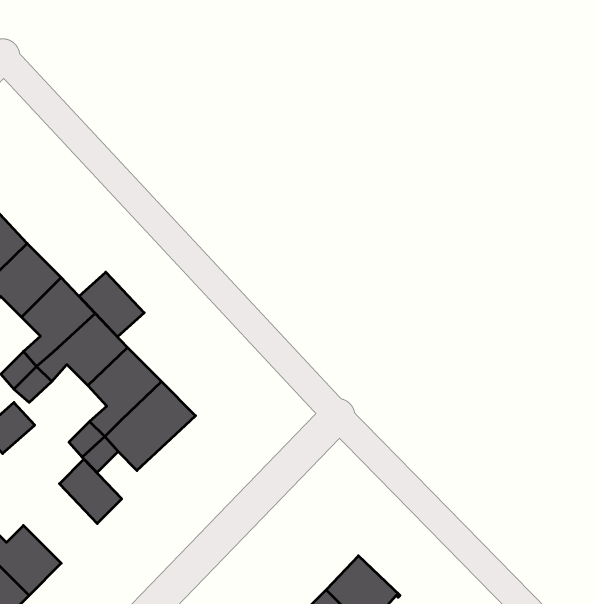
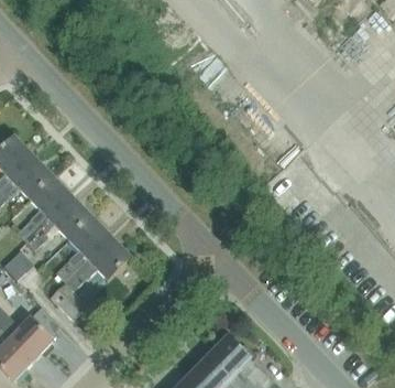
building: [79,272,144,337] -> none

